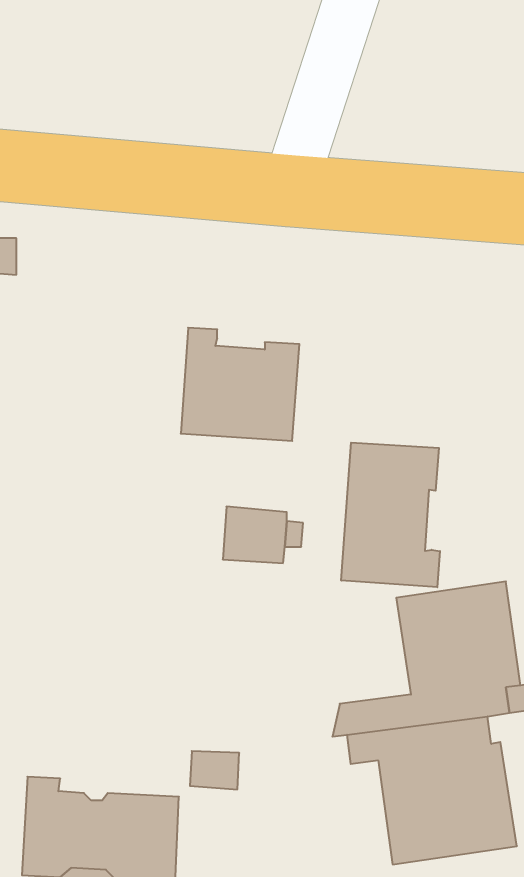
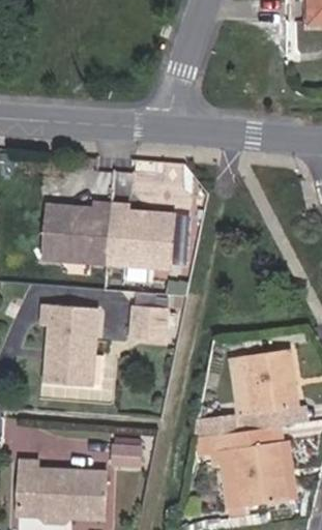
building: none -> [42,202,111,287]
building: [341,443,440,587] -> none
building: none -> [40,305,103,385]

